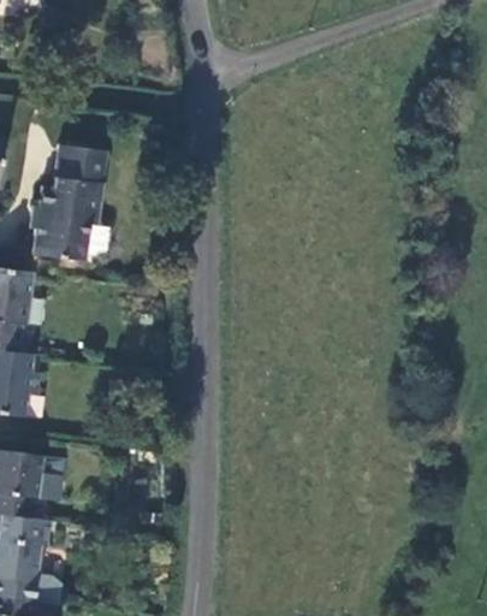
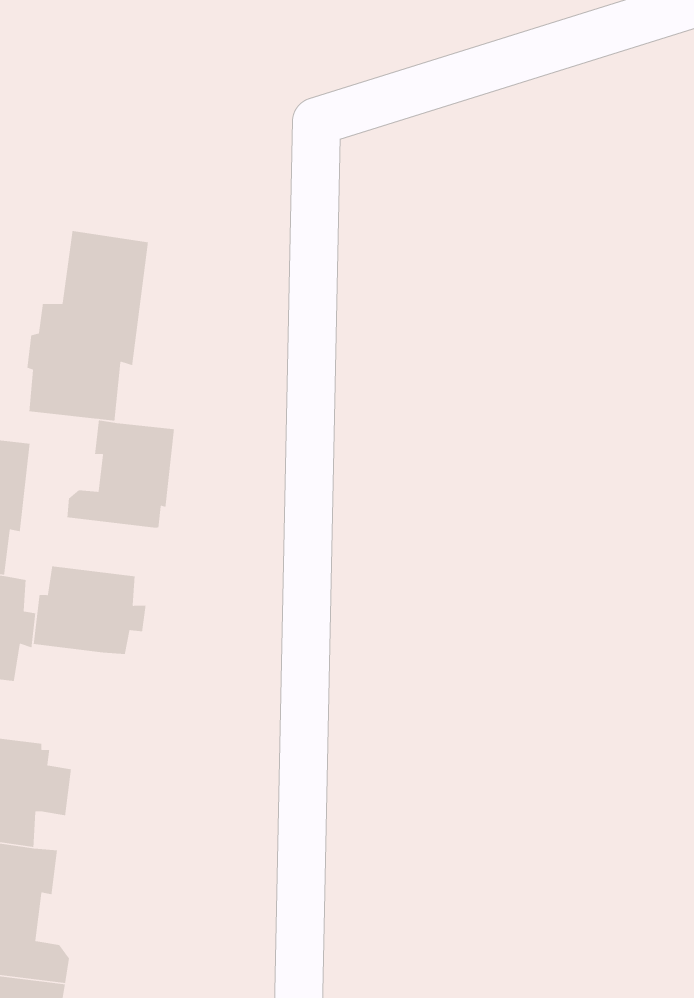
building: none -> [66,420,175,529]
building: none -> [33,566,146,655]

